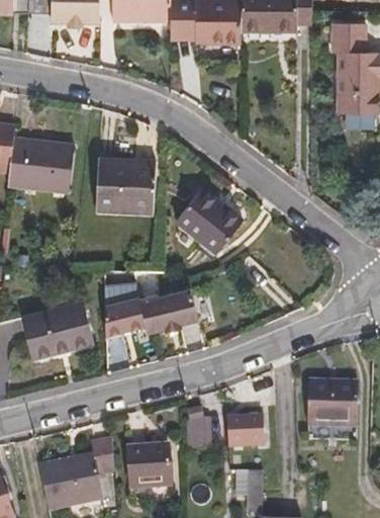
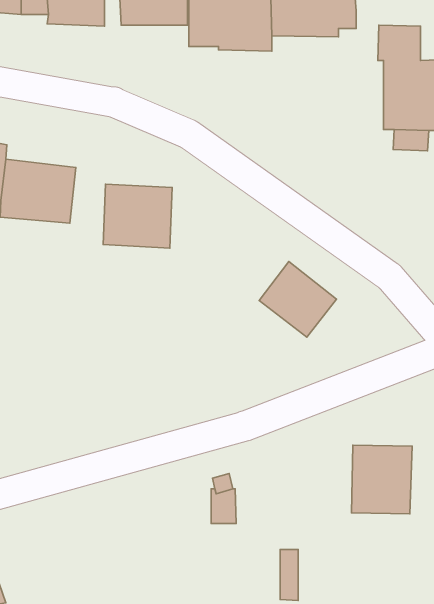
building: [176,187,242,252] -> [259,261,336,337]
building: [103,288,197,335] -> none
building: [20,299,93,359] -> none
building: [226,417,262,449] -> none
building: [38,438,113,509] -> none
building: [128,443,171,488] -> none

